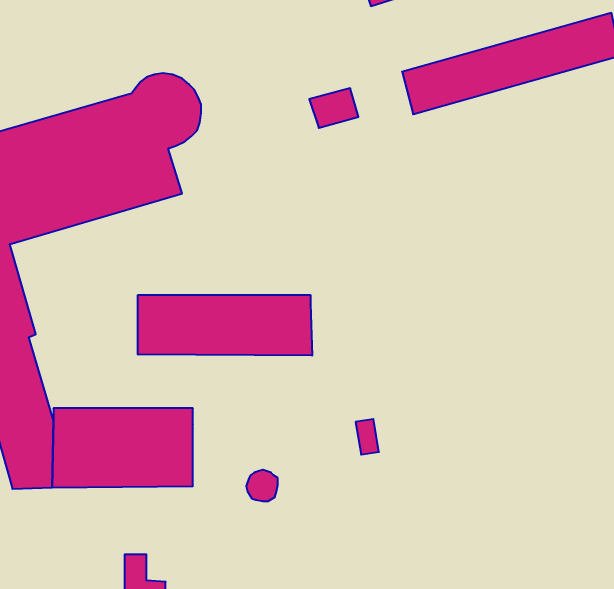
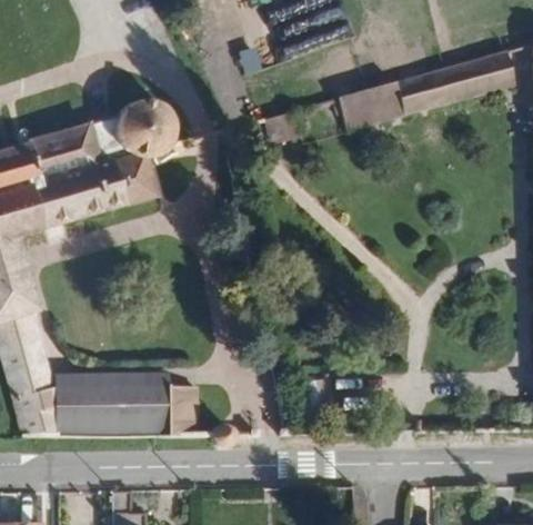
building: [138,295,312,356] -> none
building: none -> [169,384,200,434]

